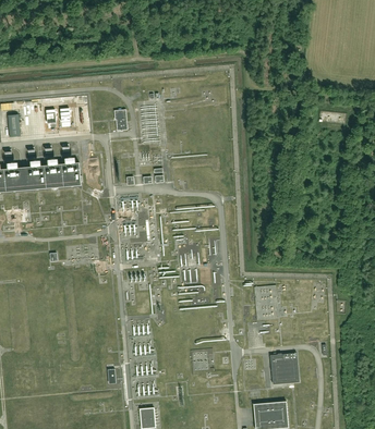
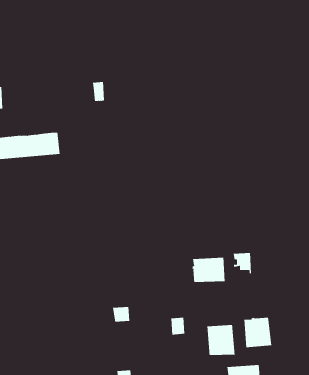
building: none -> [192,257,225,283]
building: none -> [207,324,235,356]

